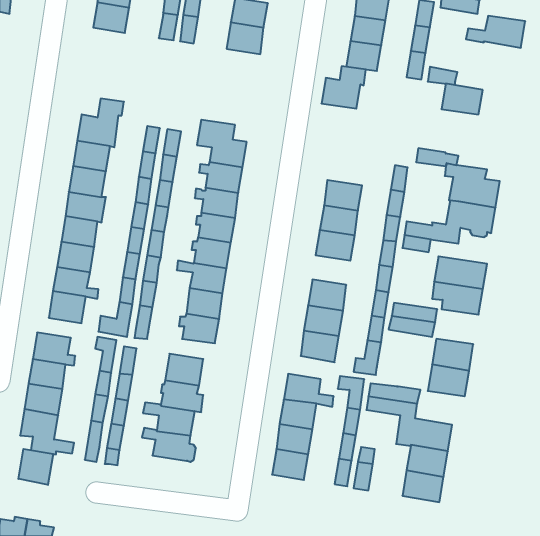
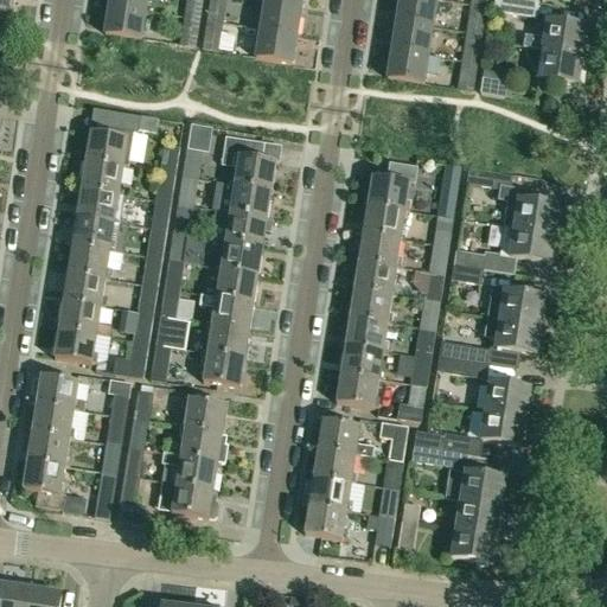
building: [321,66,366,109] -> [366,160,416,207]
building: [441,84,483,114] -> [537,46,583,81]
building: none -> [350,286,392,319]
building: [18,449,53,485] -> none

